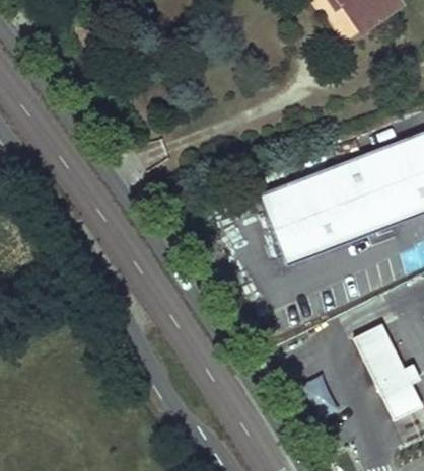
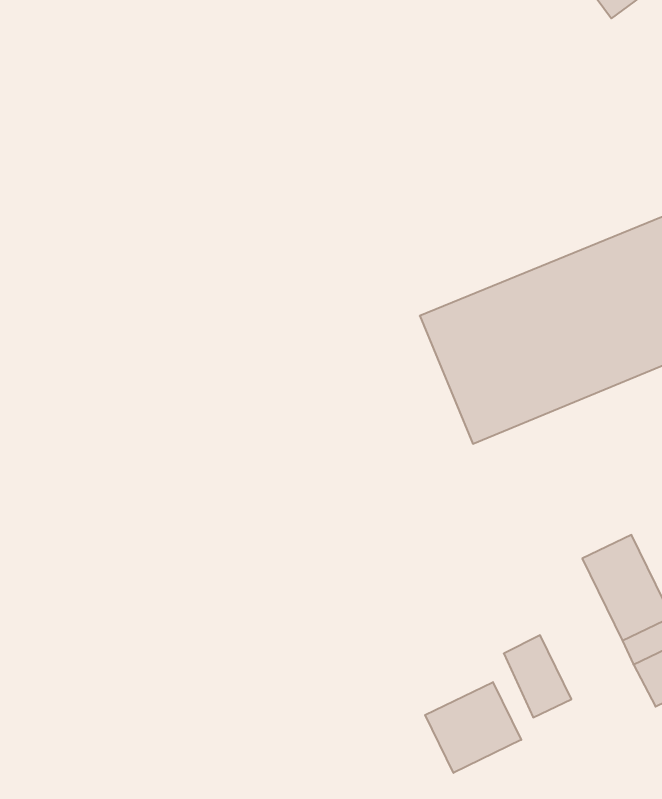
building: none -> [425,682,521,773]

